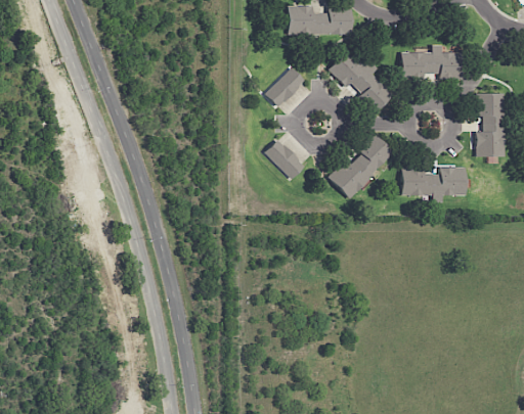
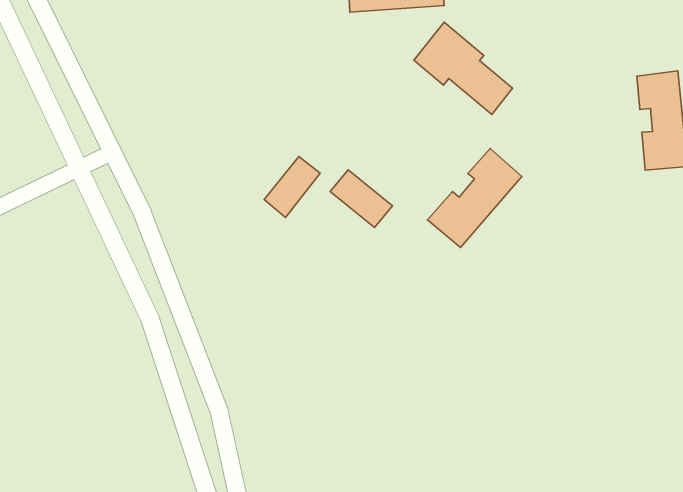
building: [403,45,462,79] -> none
building: [266,67,305,107] -> [264,157,320,217]
building: [402,167,466,195] -> none

